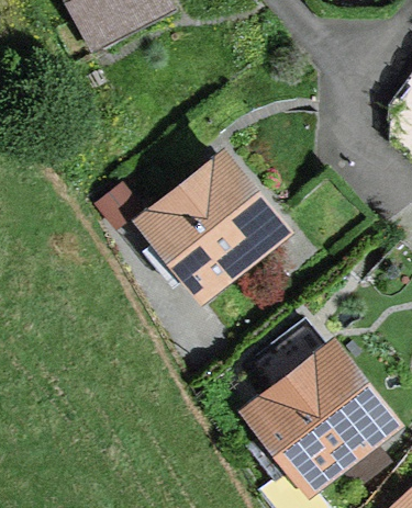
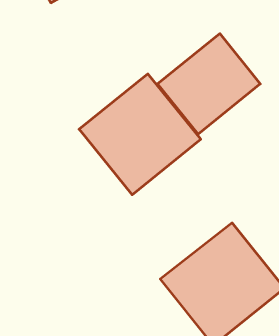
building: none -> [158,34,260,134]

